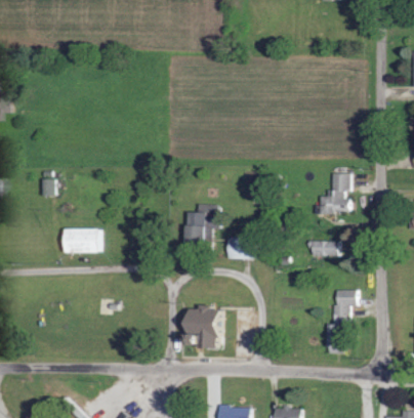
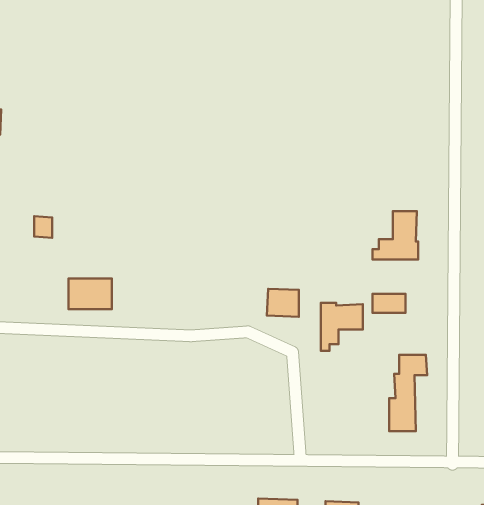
building: [190,204,220,246] -> none
building: none -> [321,303,363,351]
building: [187,306,220,350] -> none

